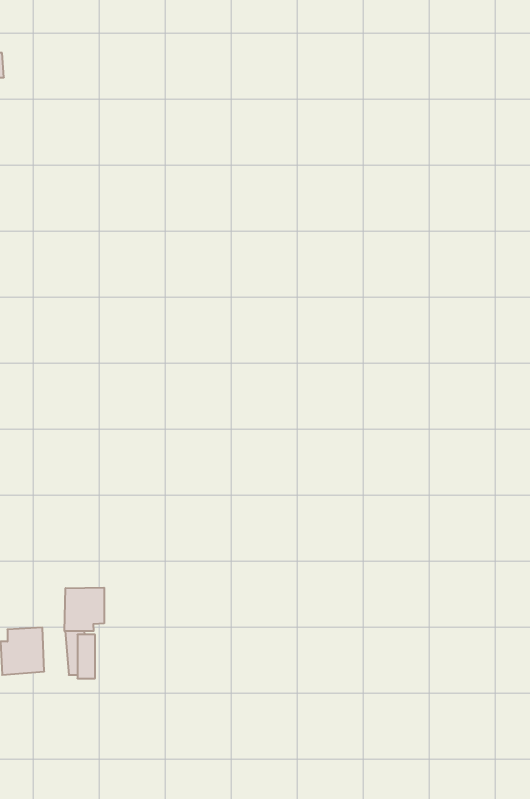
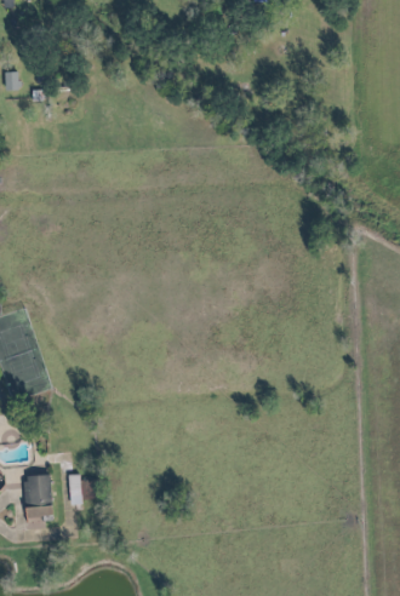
building: [64,588,104,631] -> none

